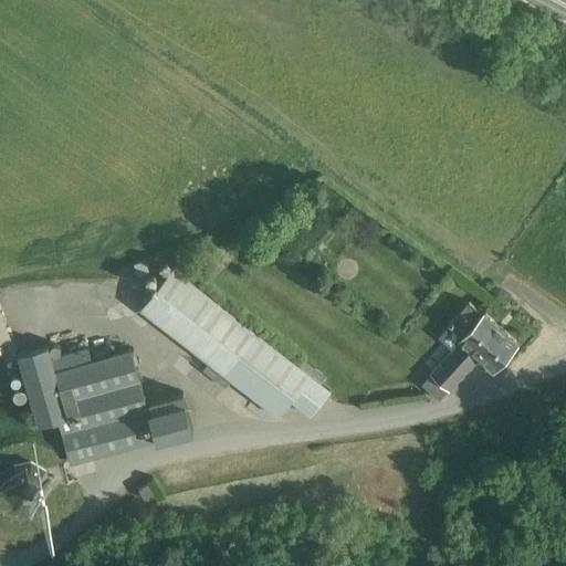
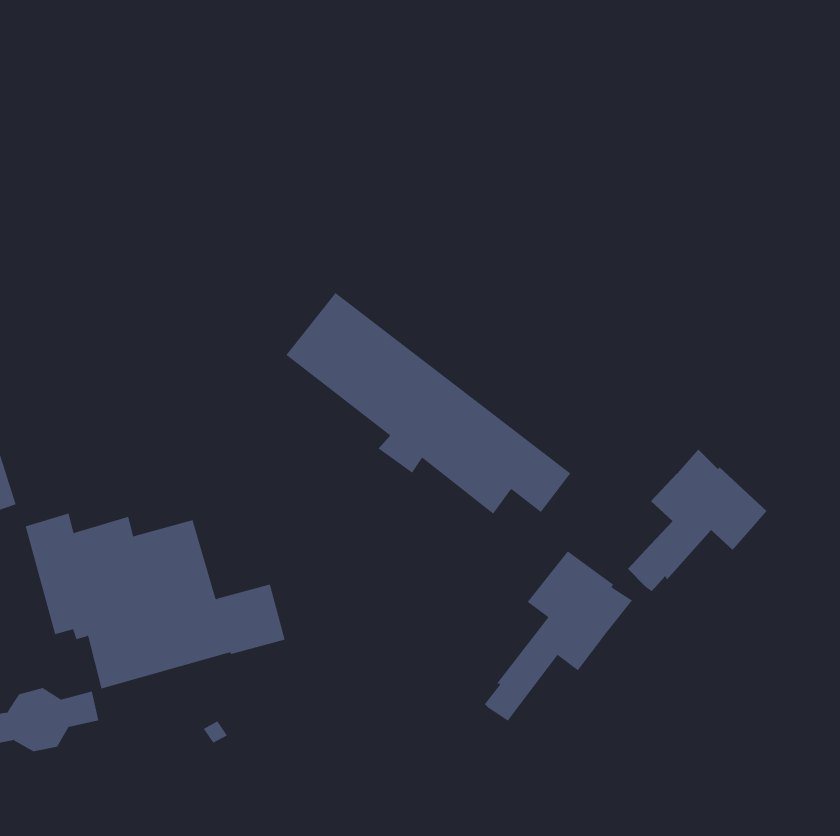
building: [138,270,329,419] -> [286,292,571,515]
building: none -> [484,550,633,722]

